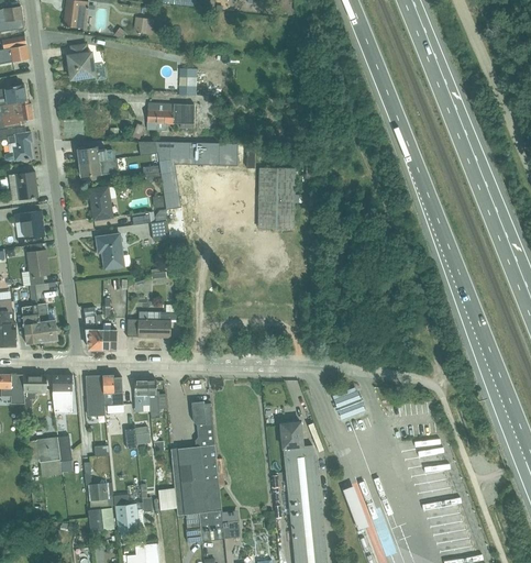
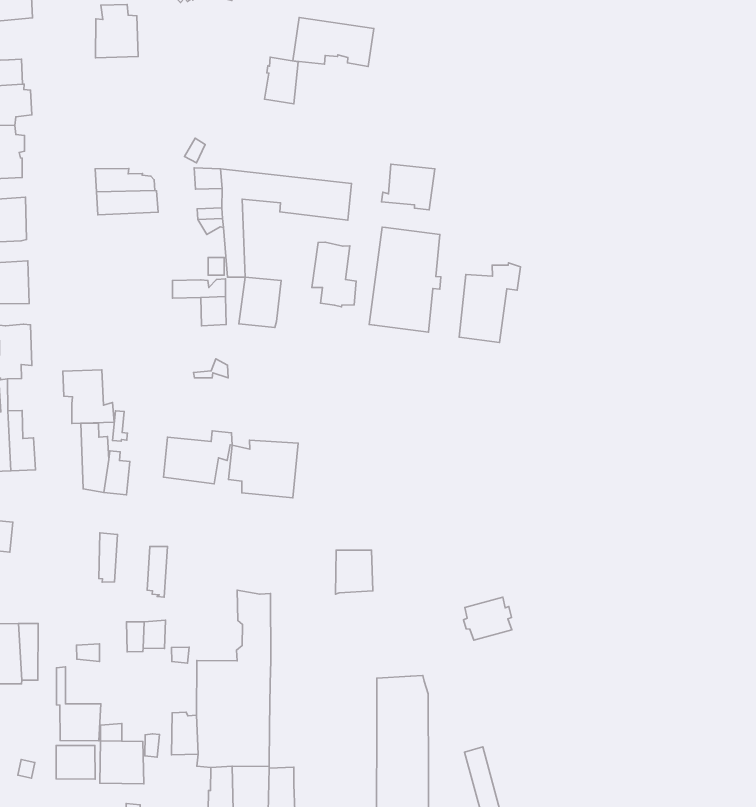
building: [145,102,193,130] -> [293,17,374,67]
building: none -> [382,164,435,210]
building: none -> [312,242,356,307]
building: none -> [459,263,520,342]
building: [88,186,112,220] -> none
building: none -> [239,277,281,327]
building: [95,233,130,268] -> [63,370,114,423]
building: none -> [228,440,298,498]
building: [52,374,71,399] -> none
building: [85,375,104,416] -> none
building: [144,379,165,411] -> none
building: [278,420,303,450] -> [335,550,373,594]

